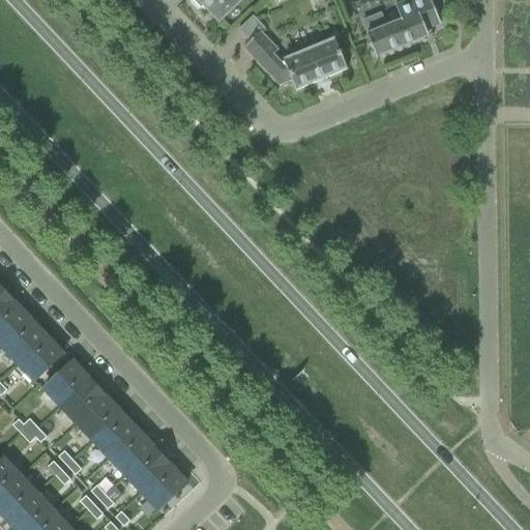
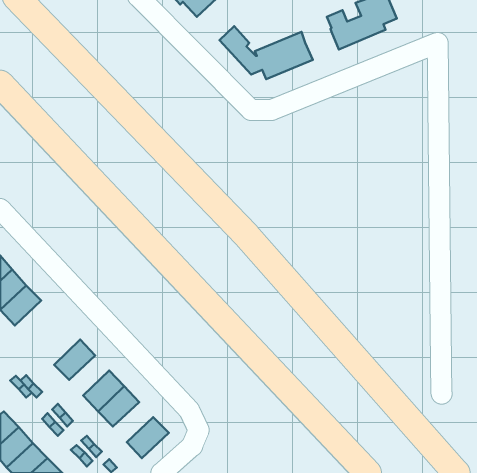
building: [17,333,62,379] -> none
building: [43,359,89,405] -> none
building: [77,394,121,439] -> none
building: [125,445,171,491] -> none

